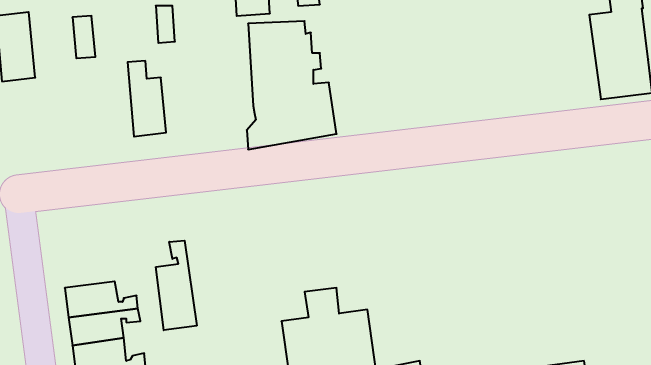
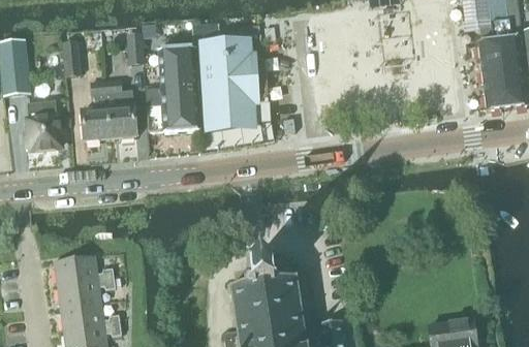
building: none -> [159,44,201,130]
building: none -> [81,78,111,140]
building: none -> [25,99,64,149]
building: [156,241,197,330] -> none

